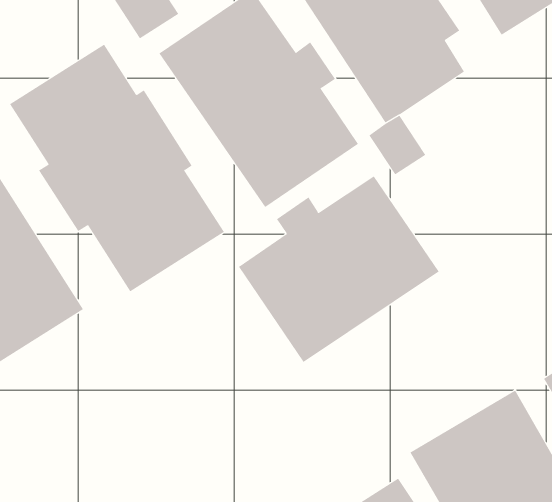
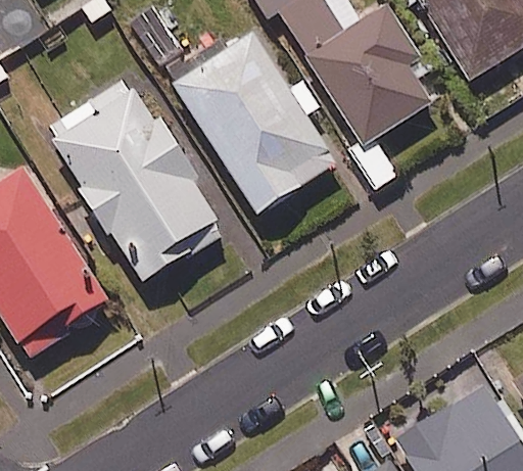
building: [238,175,439,363] -> none

